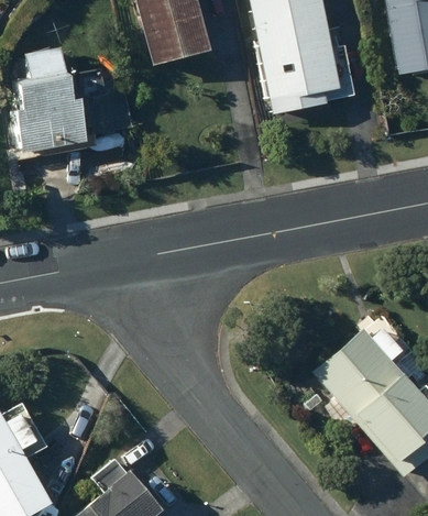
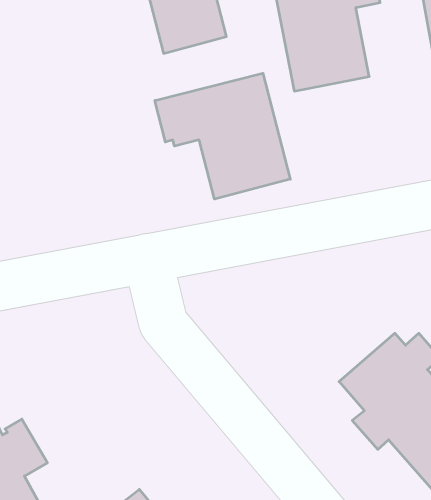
building: [17,53,132,158] -> none
building: none -> [155,73,290,199]

